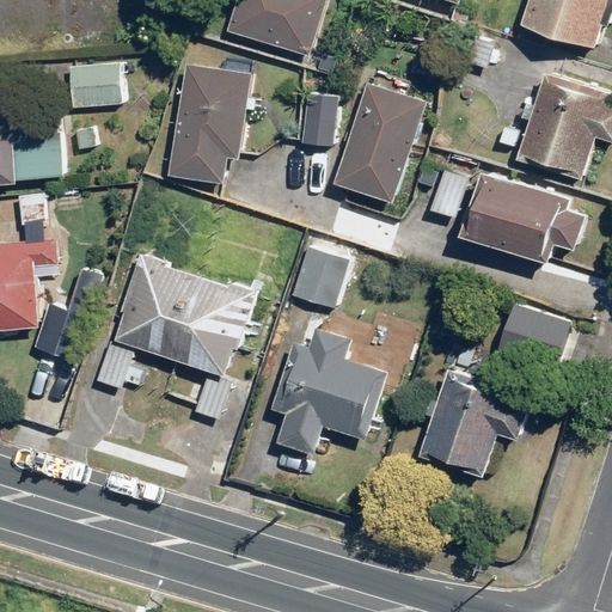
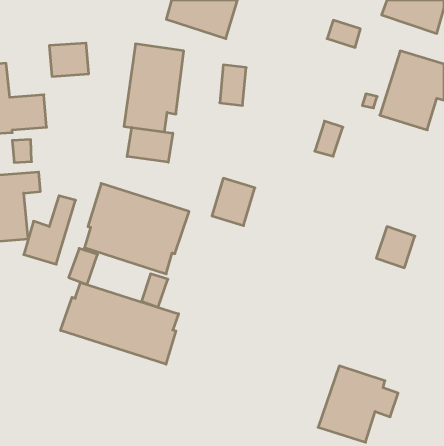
building: [332,82,426,202] -> none
building: [461,171,586,264] -> none
building: none -> [127,127,173,162]
building: [271,330,387,455] -> none
building: [418,372,527,476] -> [318,366,398,442]
building: none -> [61,283,179,364]

